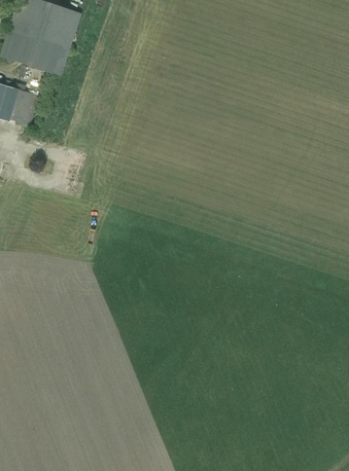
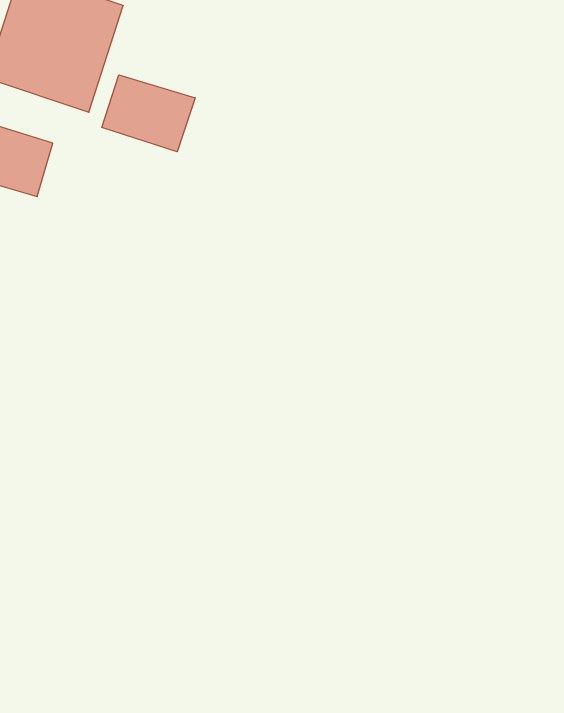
building: none -> [102,75,195,152]

